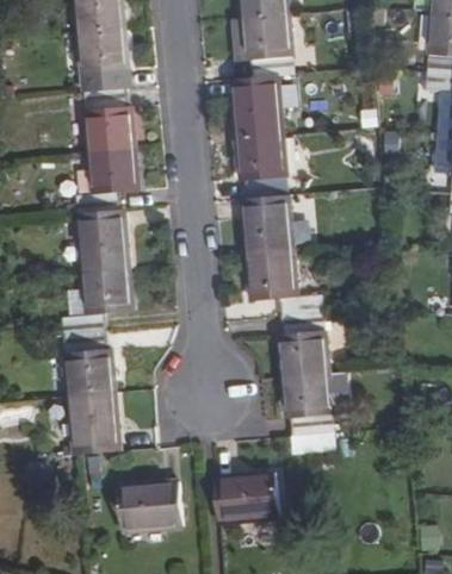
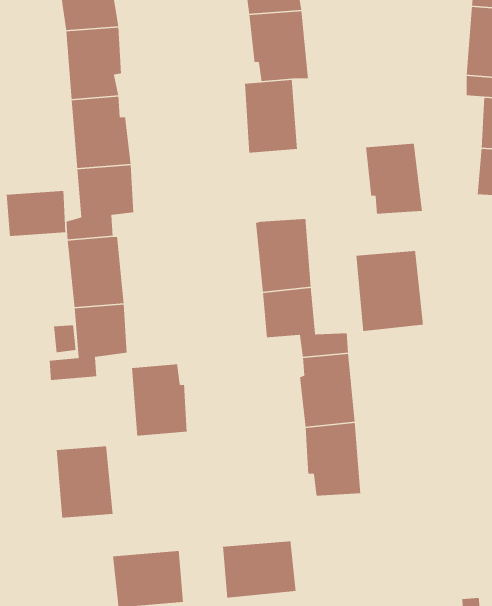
building: [235,135,285,196] -> [365,143,423,214]
building: none -> [6,190,66,237]
building: none -> [355,250,424,332]
building: [63,331,112,394] -> [131,363,188,436]

